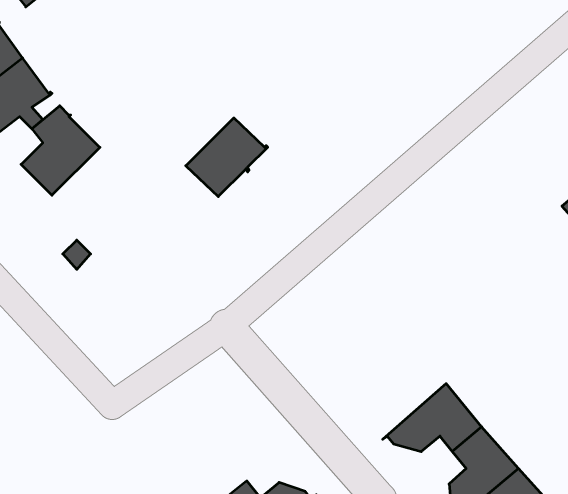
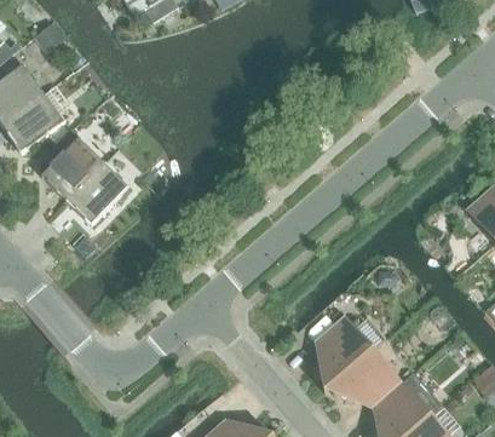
building: [186,118,268,197] -> [67,162,131,224]
building: none -> [320,315,375,391]

